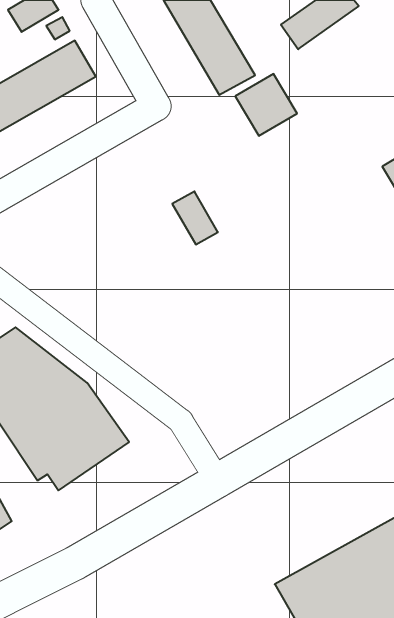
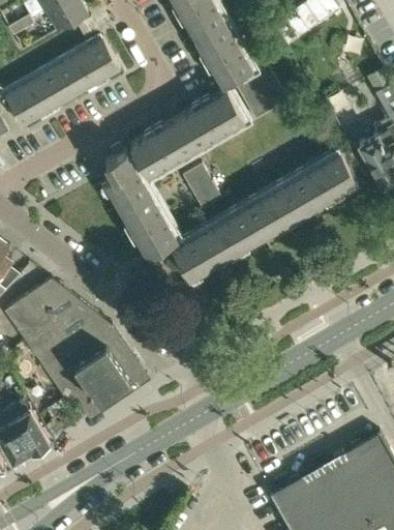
building: none -> [130,90,244,175]
building: none -> [104,150,177,257]
building: none -> [173,152,358,278]

